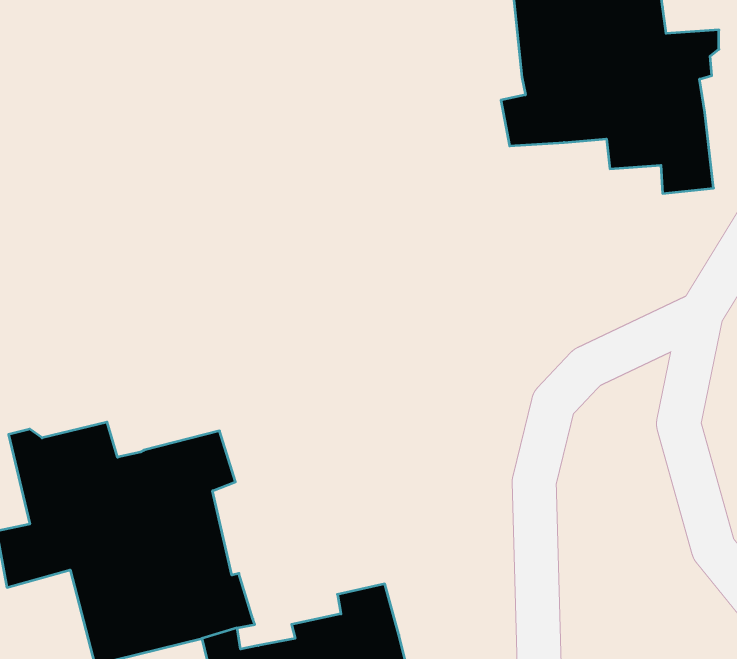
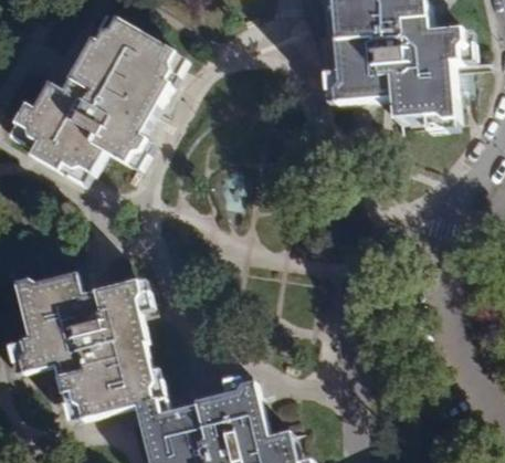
building: none -> [19,21,176,173]

